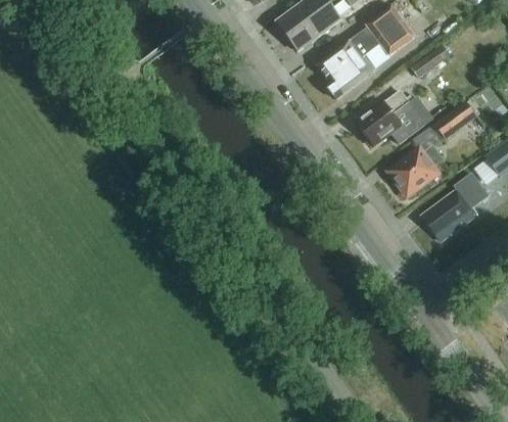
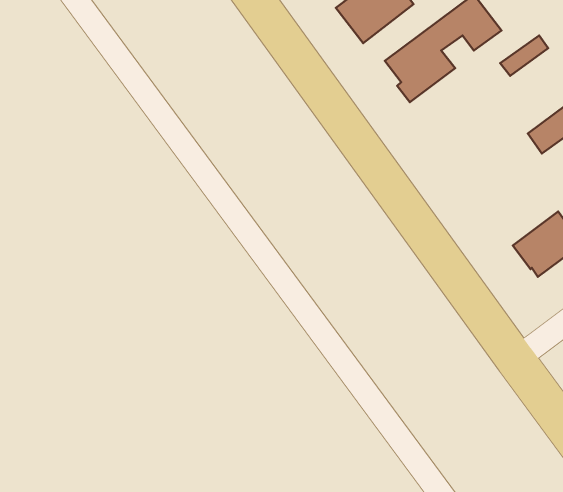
building: [356,90,433,145] -> none
building: [388,144,444,195] -> none

